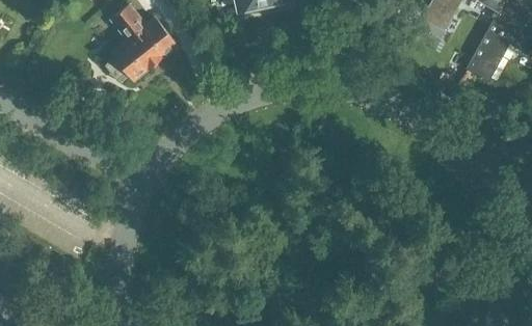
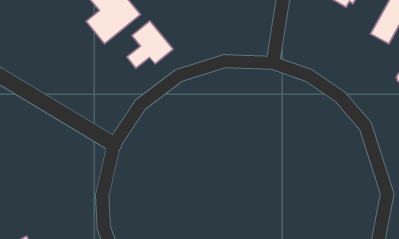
building: none -> [127,21,173,68]

